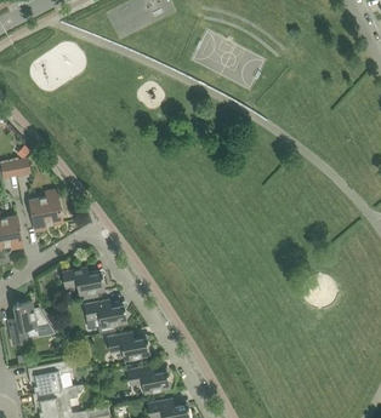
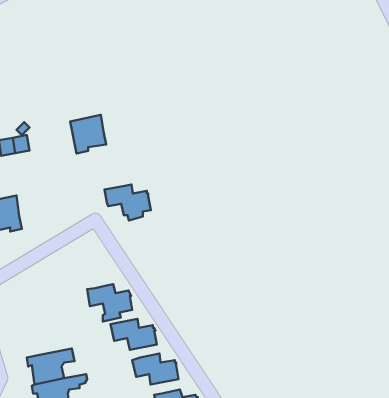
building: [28,195,62,231] -> [70,115,106,154]
building: [61,267,104,300] -> [104,184,151,220]
building: [7,302,47,344] -> none

